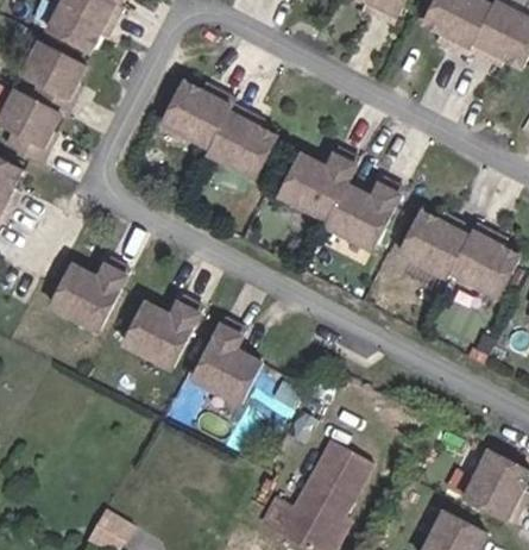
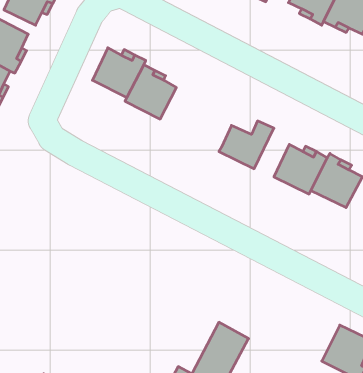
building: [283,148,357,212] -> none
building: [55,262,131,332] -> none
building: [126,298,202,369] -> none
building: [194,319,260,402] -> none

